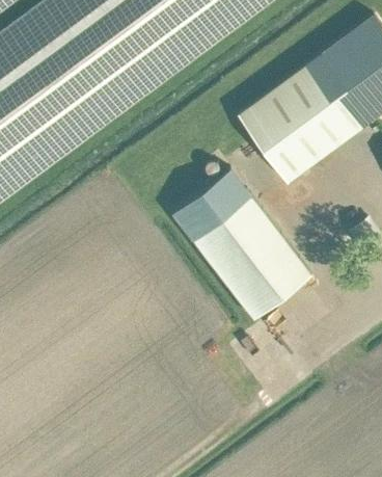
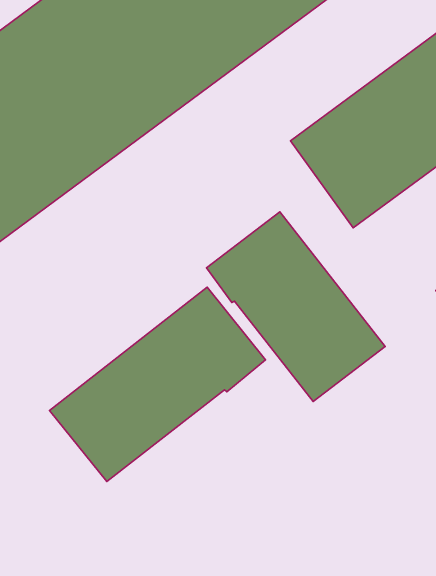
building: none -> [50,287,265,482]

